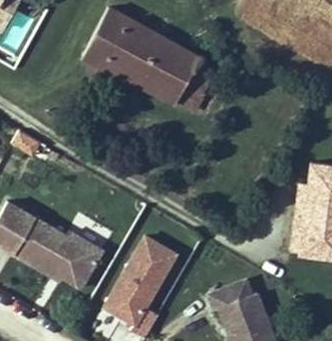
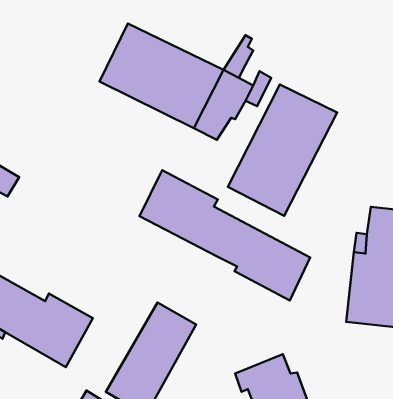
building: [82,10,123,65] -> none
building: none -> [228,85,337,216]
building: none -> [140,170,310,301]

